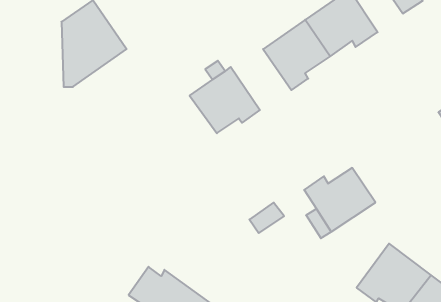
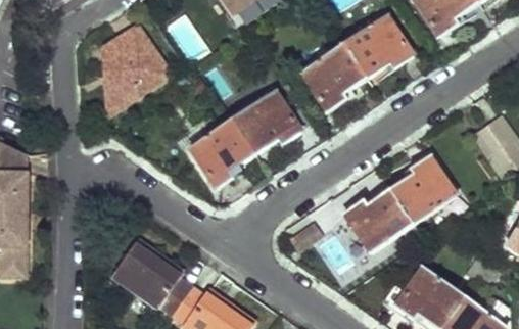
building: none -> [188,118,256,188]
building: none -> [388,152,455,222]
building: none -> [110,239,190,312]

